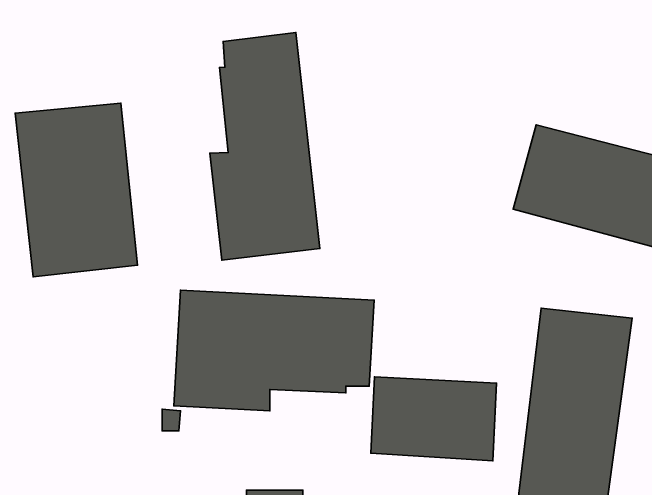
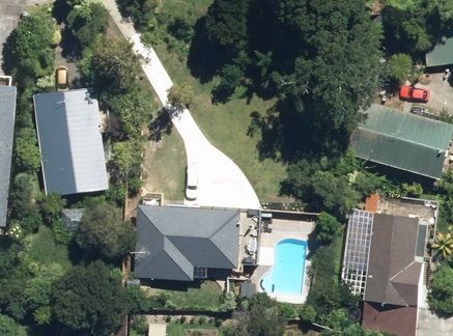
building: [210,33,320,260] -> none
building: [371,377,497,461] -> none

